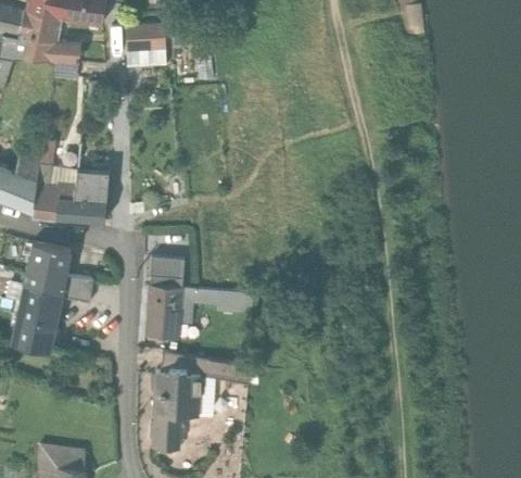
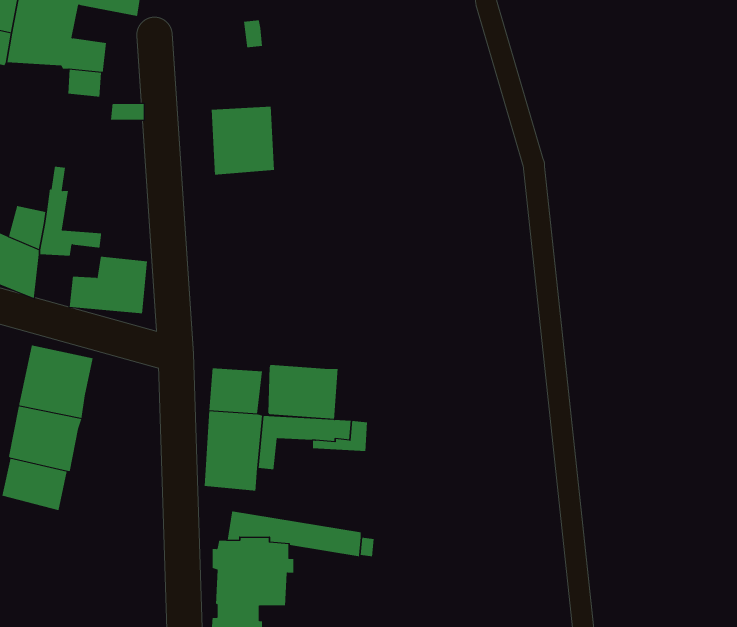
building: [124,23,166,68] -> [211,106,275,175]
building: [33,177,76,218] -> none
building: none -> [268,364,338,420]
building: [62,277,92,303] -> none

